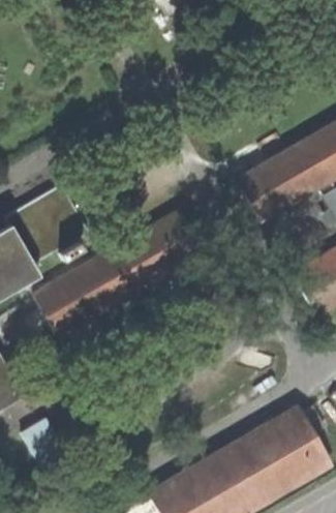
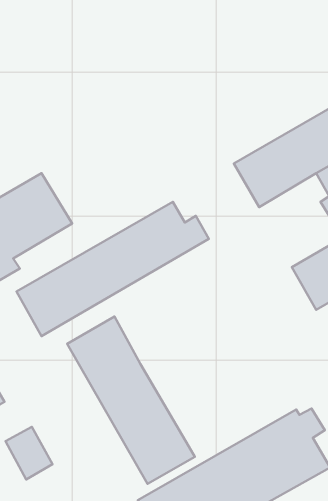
building: none -> [67,317,195,484]

